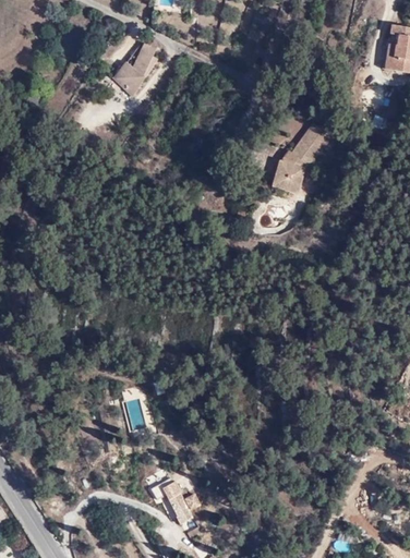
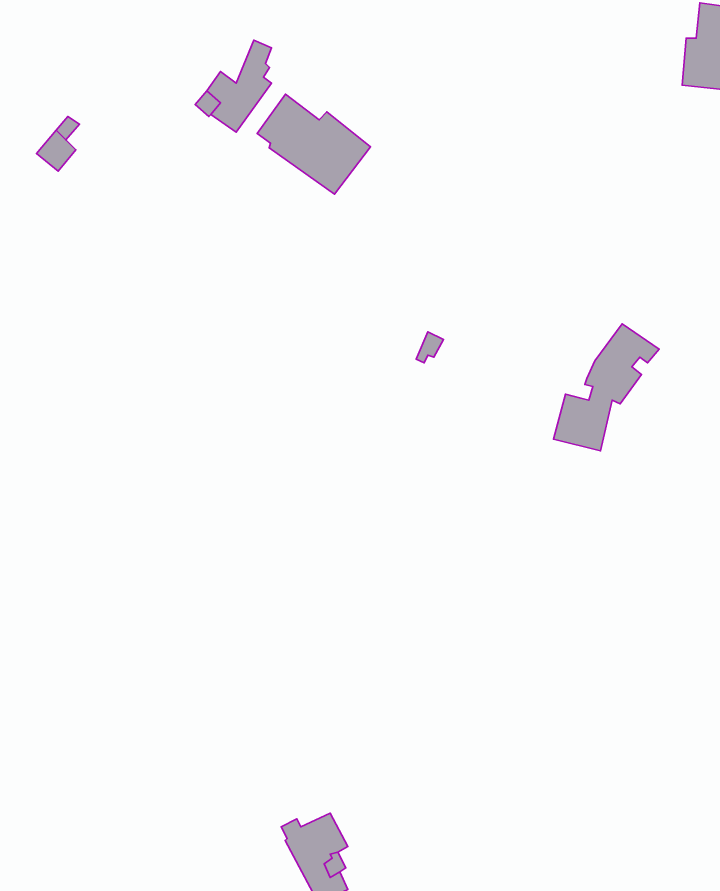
building: none -> [257,94,371,194]
building: [273,123,331,194] -> [554,324,659,451]

